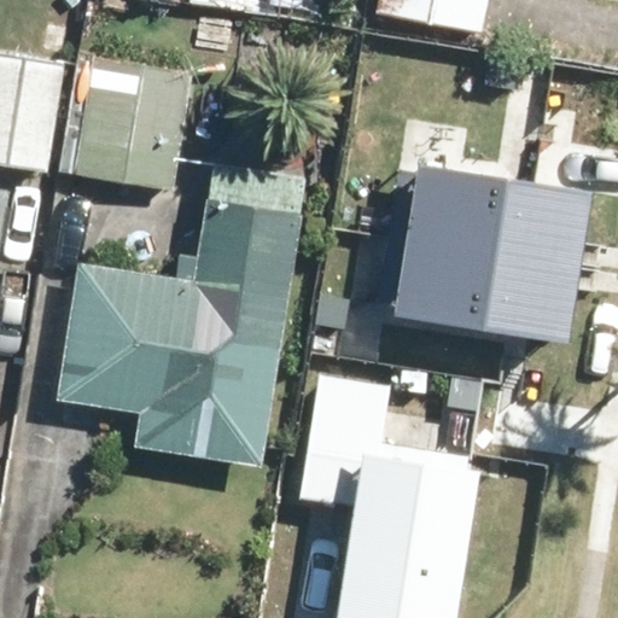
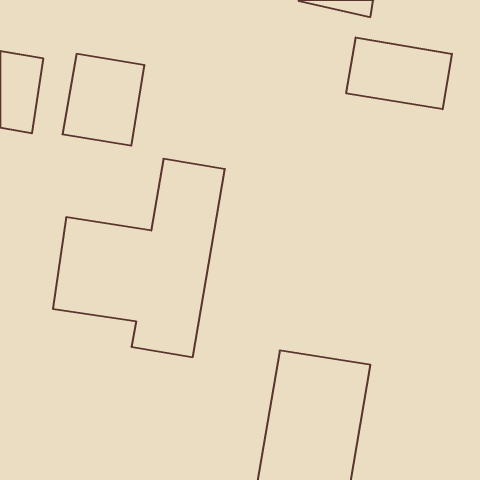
building: none -> [346,37,452,109]
building: [397,162,591,334] -> none

